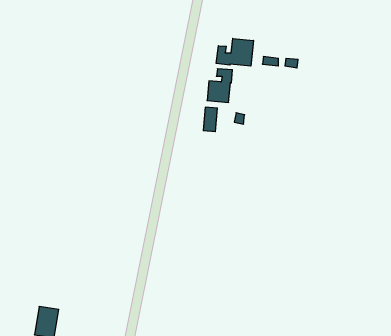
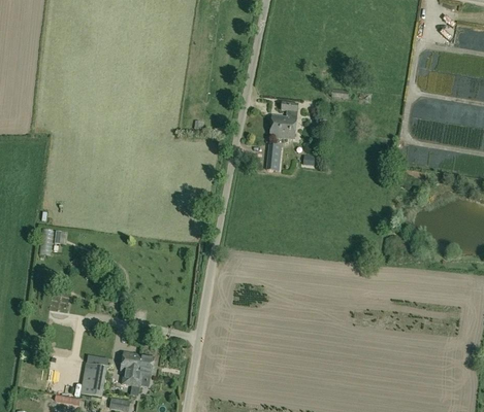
building: [216,38,253,66] -> none
building: none -> [121,351,154,386]

